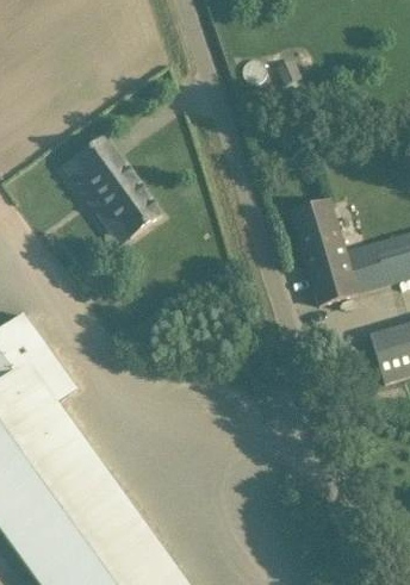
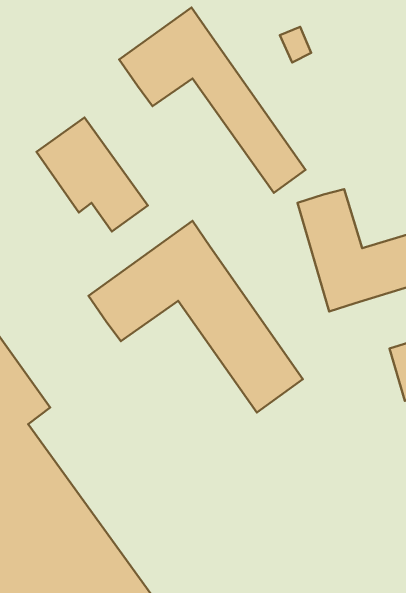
building: none -> [119,7,306,193]
building: none -> [88,221,303,413]

